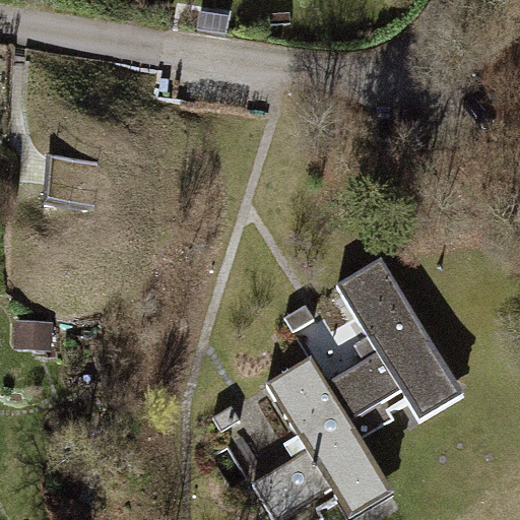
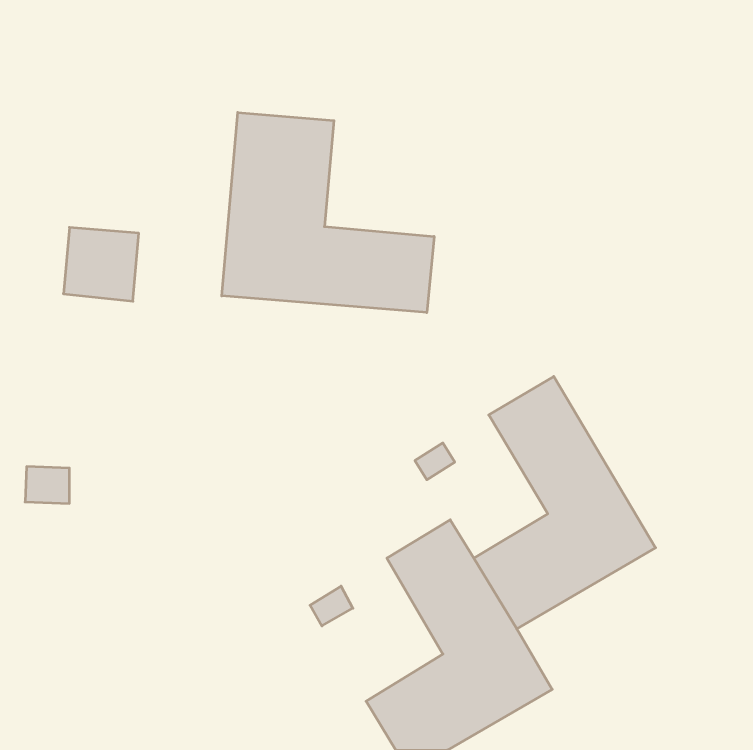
building: none -> [222,112,434,313]

